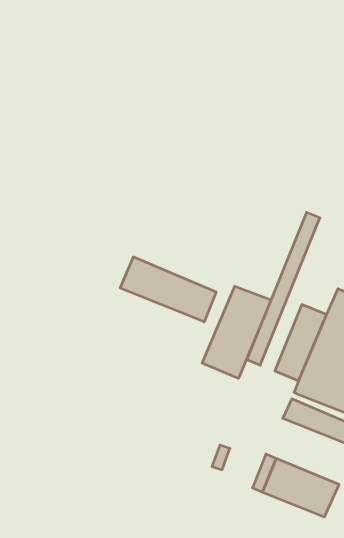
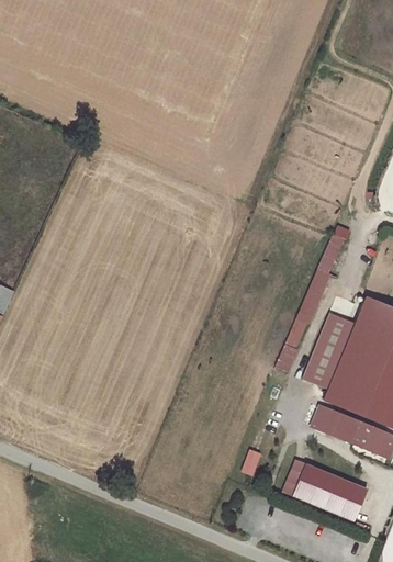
building: [120,257,216,322] -> none
building: [202,286,271,378] -> none

